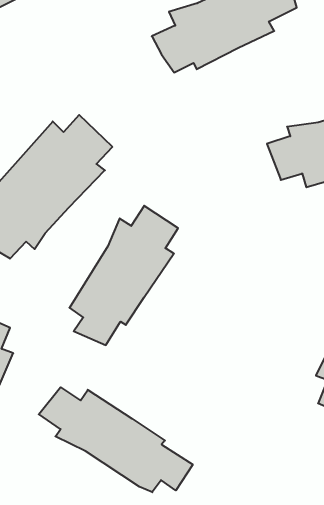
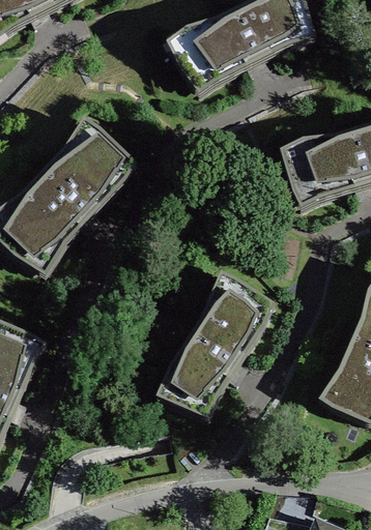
building: [69,206,178,345] -> [164,277,269,413]
building: [39,387,193,492] -> none

